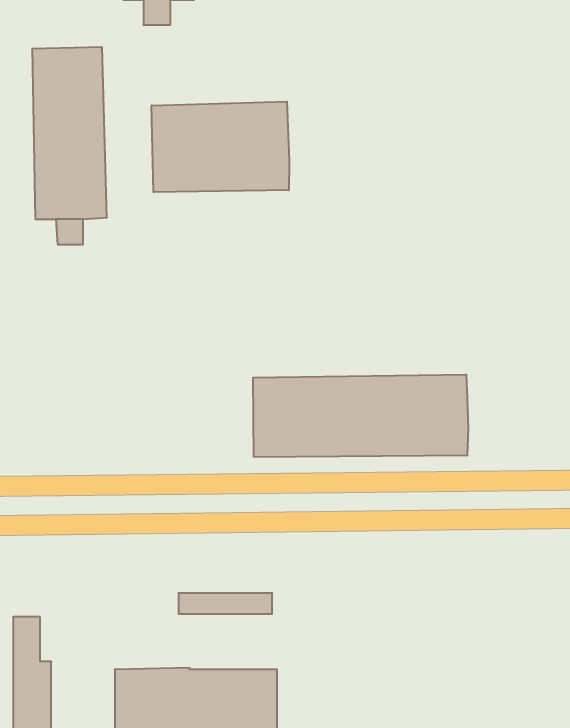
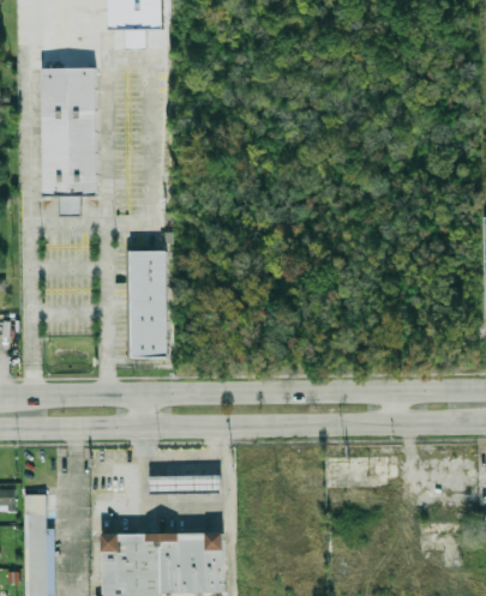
building: [152,102,289,192] -> none
building: none -> [128,251,167,356]
building: [253,374,468,457] -> none

